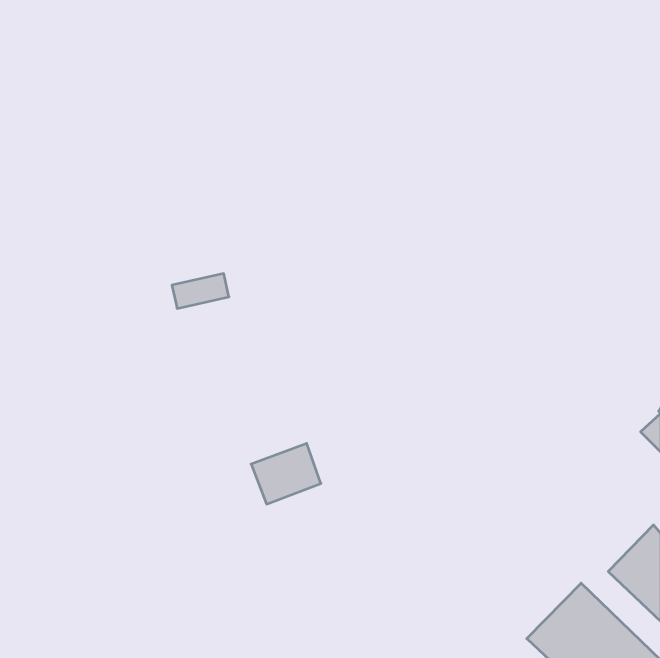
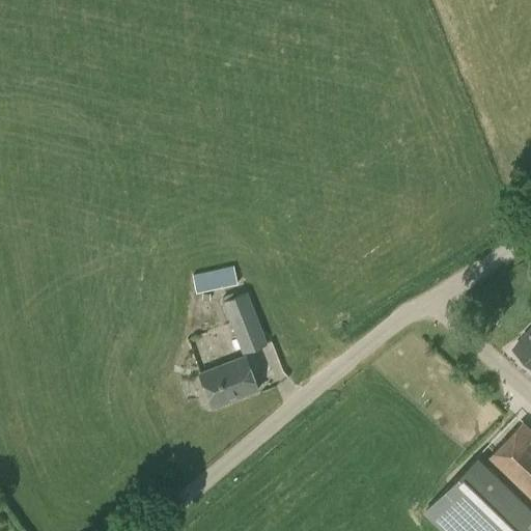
building: [172,274,229,308] -> [193,267,239,295]
building: none -> [223,294,269,356]

